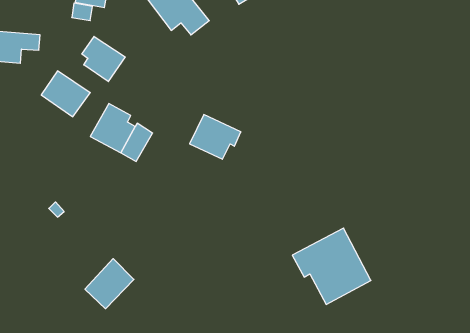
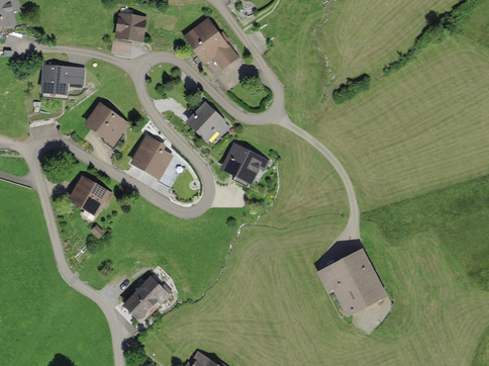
building: [82,36,125,82] -> none
building: none -> [185,102,229,142]
building: none -> [67,175,112,215]

